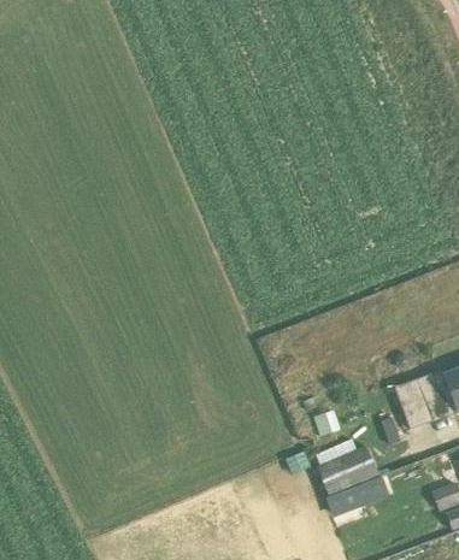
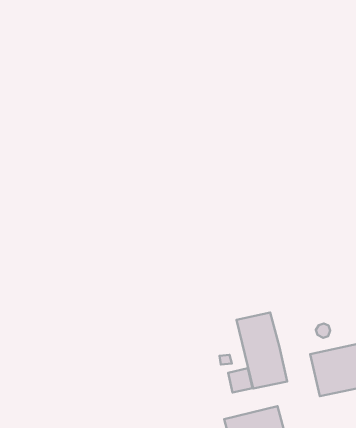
building: none -> [236,313,287,389]

